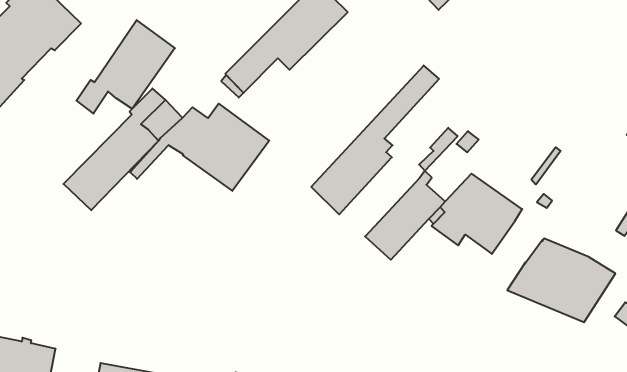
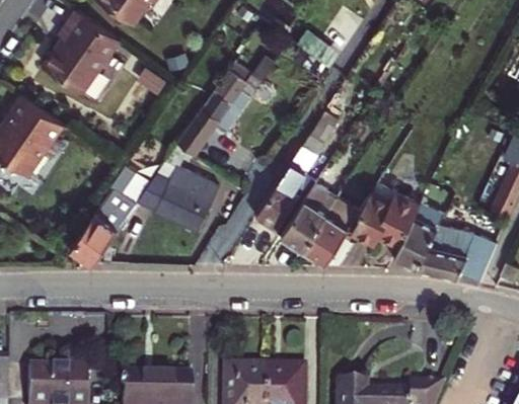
building: [76,20,175,114] -> none
building: none -> [282,182,338,247]
building: none -> [394,217,438,269]

